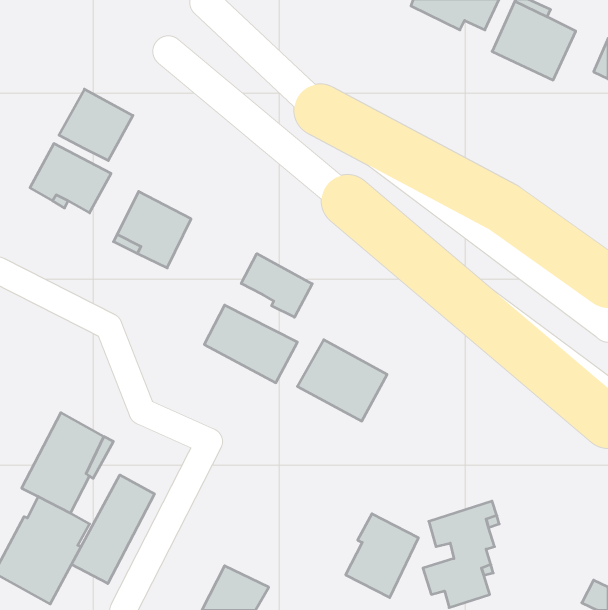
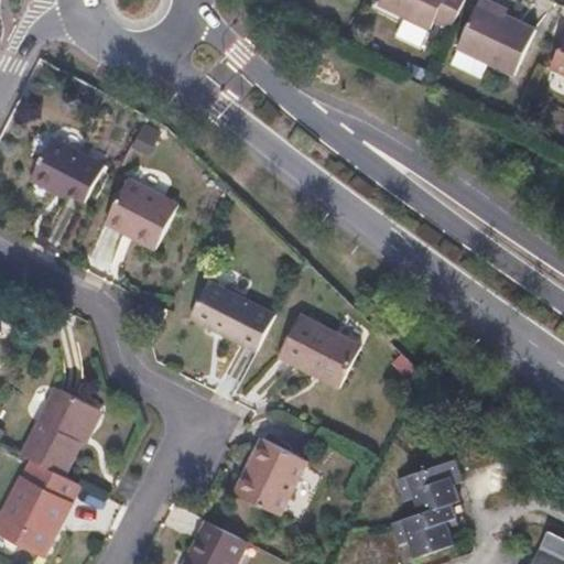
building: [59,89,133,161] -> none
building: [241,254,312,317] -> none
building: [72,475,154,584] -> none
building: [346,514,418,598] -> [241,438,308,516]

